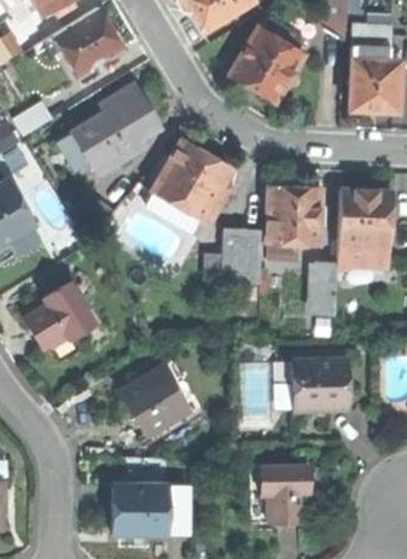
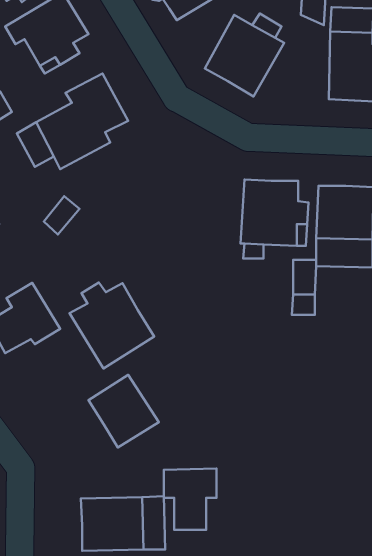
building: [152,139,229,222] -> none
building: [221,227,262,280] -> none
building: none -> [69,282,154,369]
building: [296,362,353,412] -> none
building: [264,465,314,523] -> [164,468,216,530]

